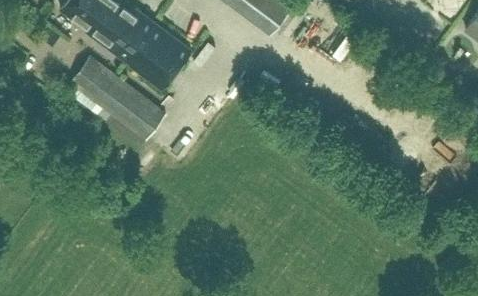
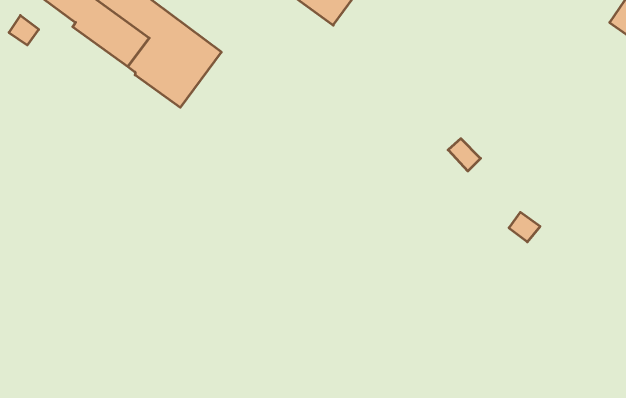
building: [70,58,166,140] -> none

